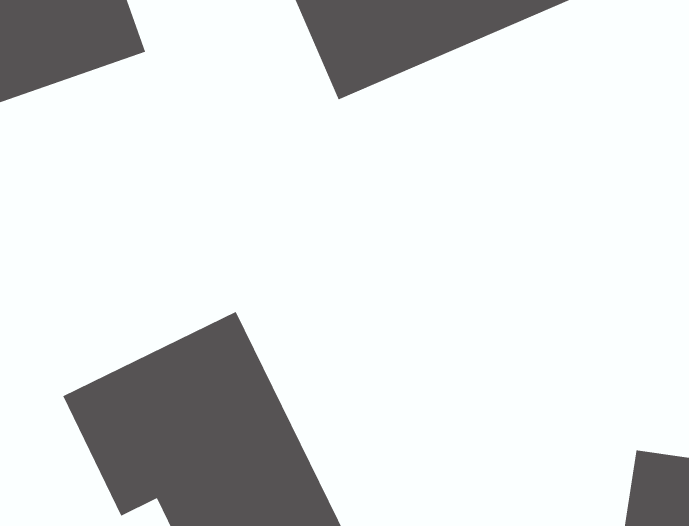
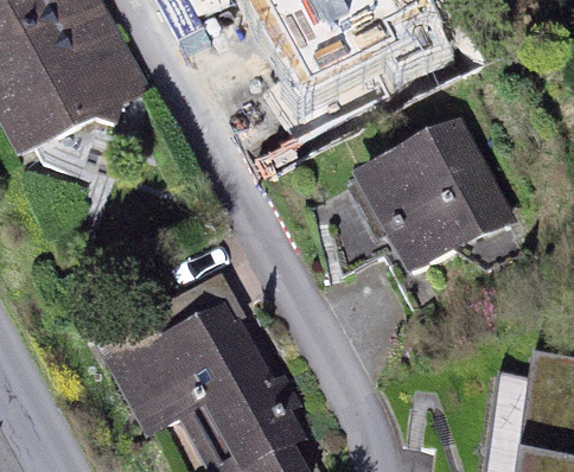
building: none -> [345,122,518,283]

